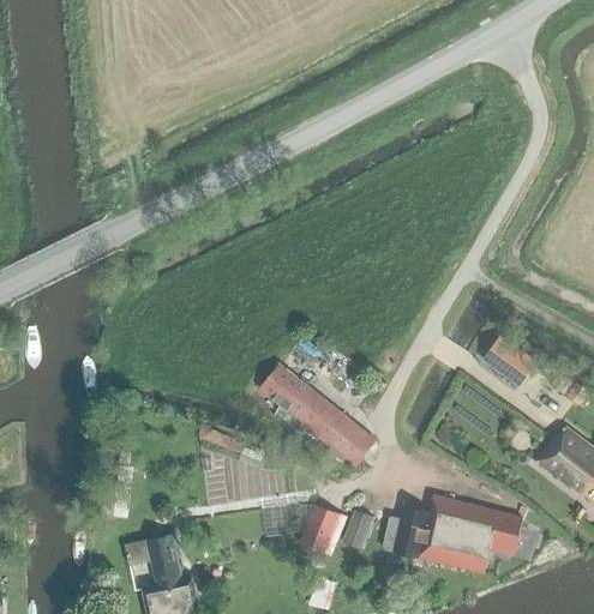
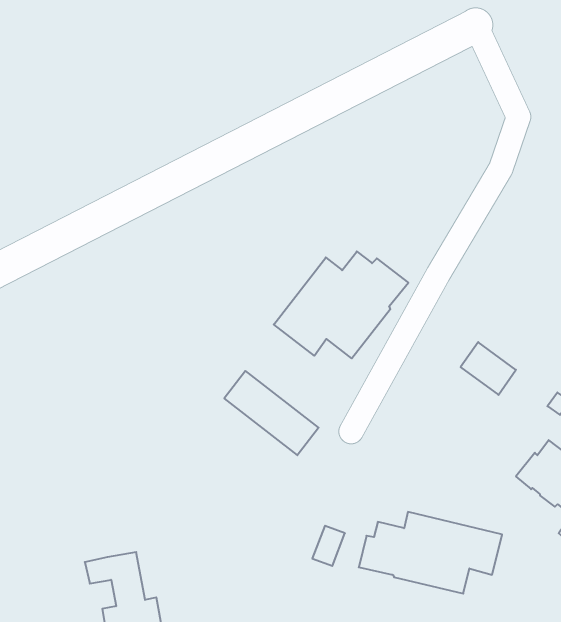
building: none -> [274,251,408,358]
building: [328,416,377,465] -> none
building: [299,504,340,553] -> none

